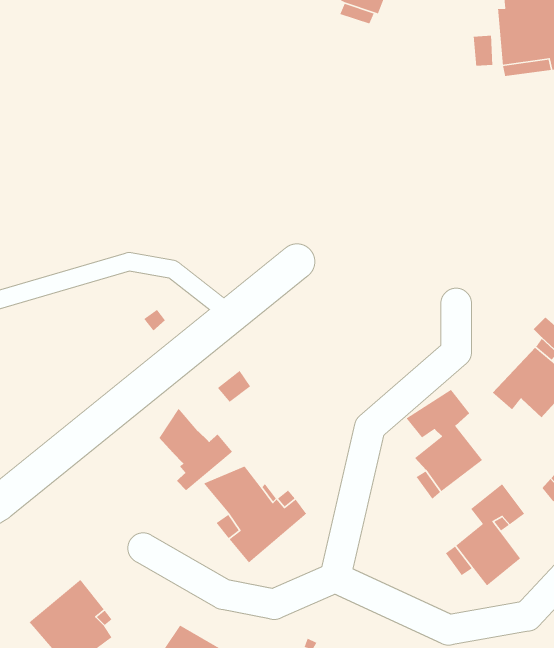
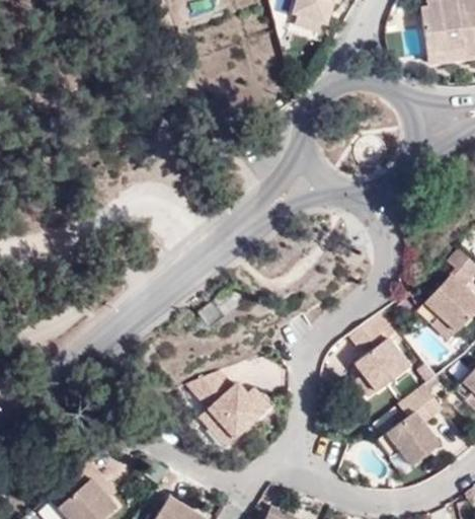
building: [158,408,233,491] -> none

